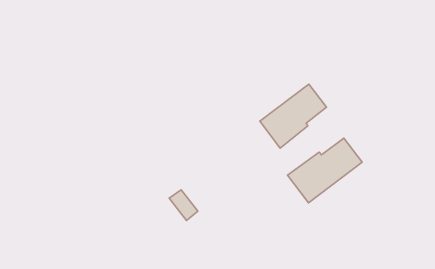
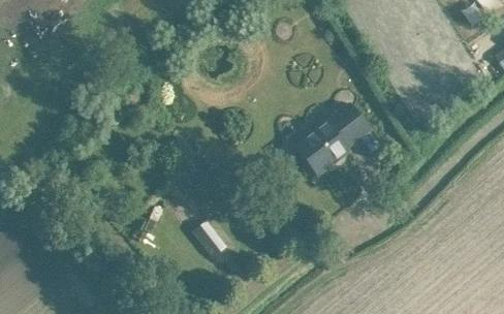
building: [288,138,362,203] -> none

